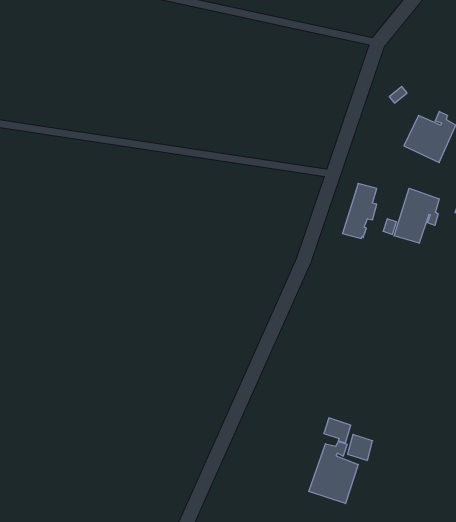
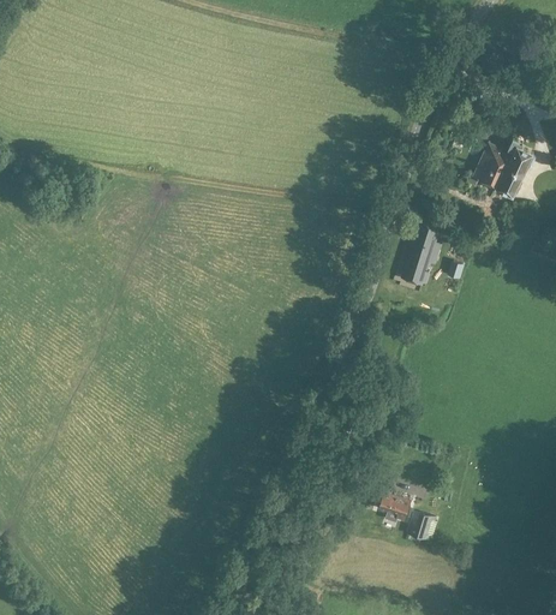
building: [394,188,439,243] -> none
building: [309,442,358,504] -> none

